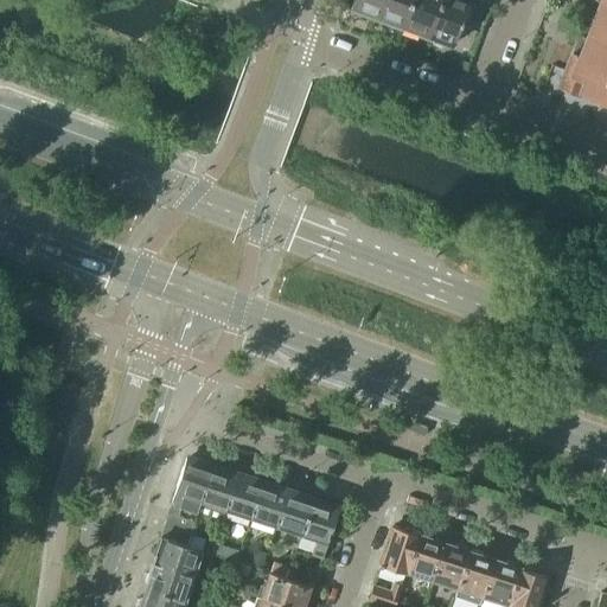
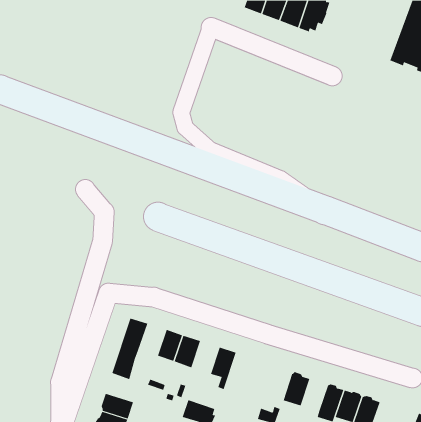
building: [197,465,241,524] -> none
building: [277,490,317,537] -> none
building: [382,528,421,576] -> none
building: [153,536,204,577] -> none
building: [434,544,472,590] -> none

